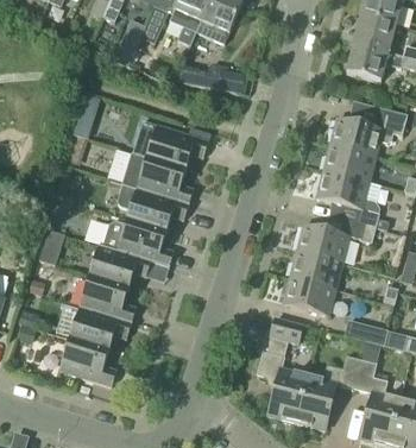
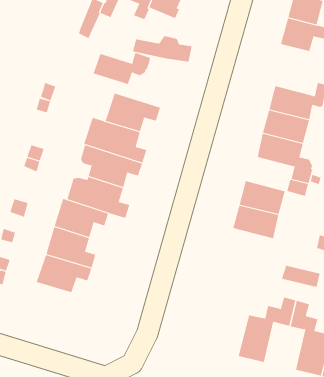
building: none -> [93,52,151,85]
building: [282,278,335,316] -> none
building: [258,318,307,422] -> none
building: [58,339,116,386] -> none

